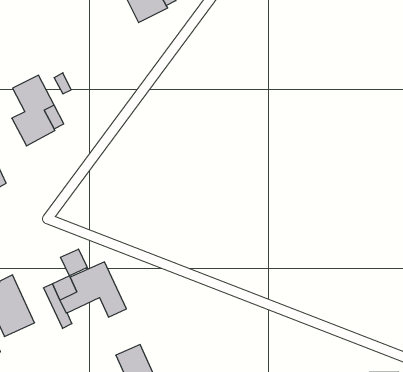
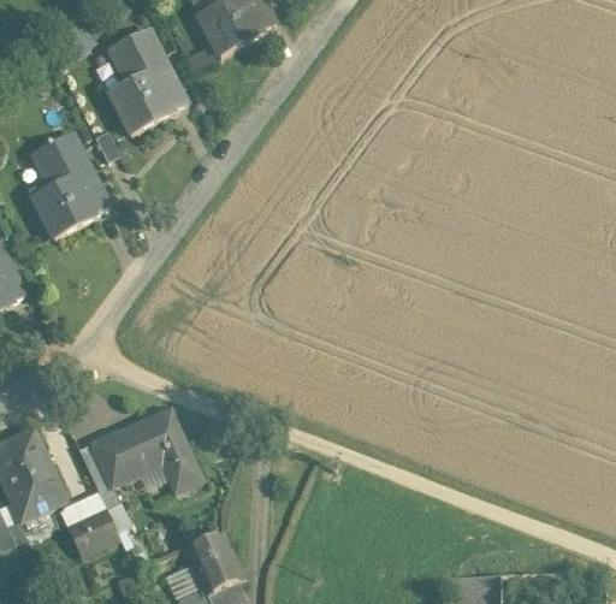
building: none -> [108,29,184,132]
building: [61,249,87,276] -> none
building: none -> [66,507,119,553]

